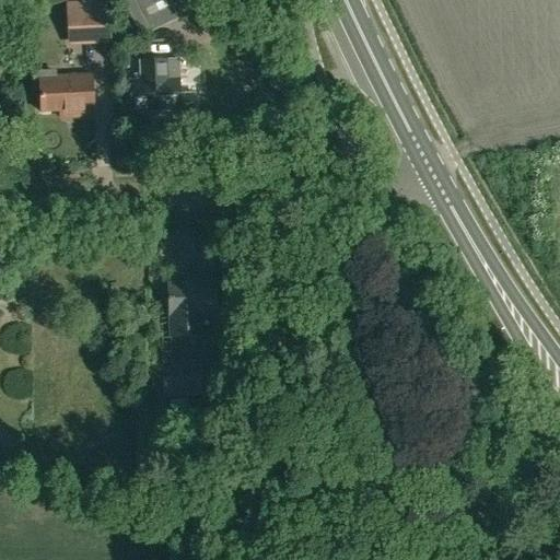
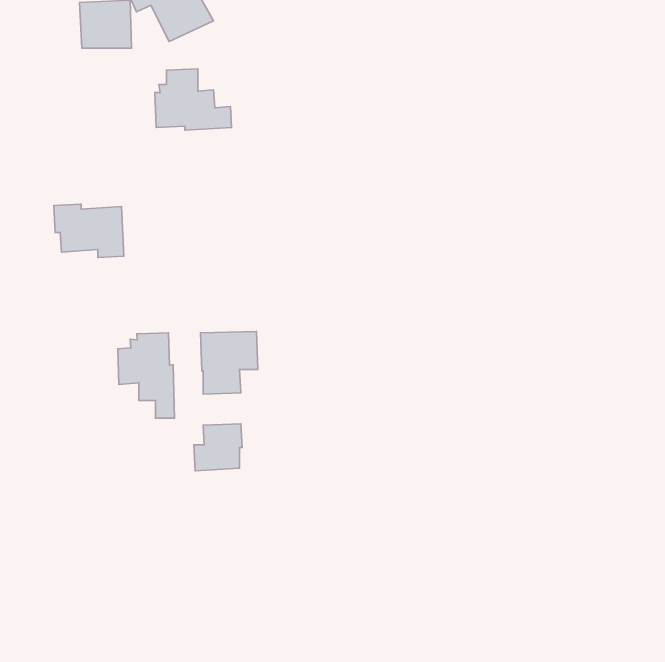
building: [34,69,93,114] -> [54,204,124,257]
building: none -> [118,333,174,418]

